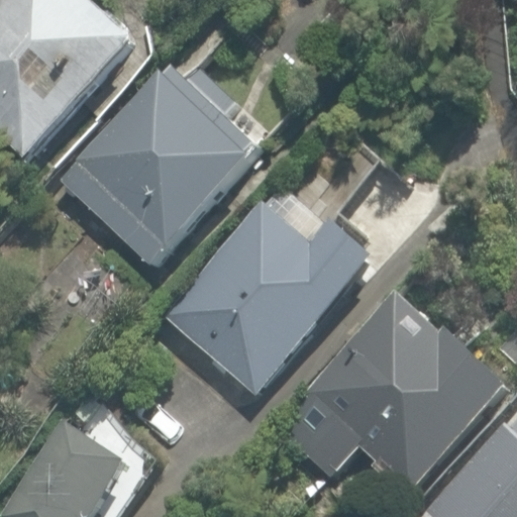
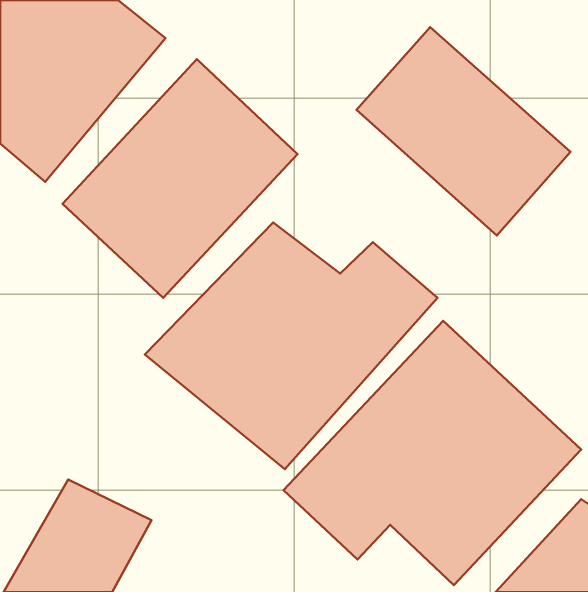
building: none -> [356,27,570,236]

